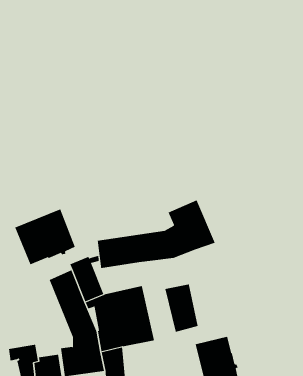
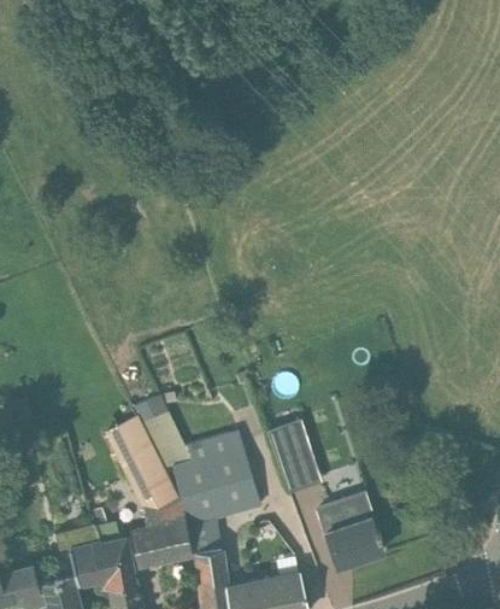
building: [97,200,215,269] -> none
building: [14,208,76,265] -> none

